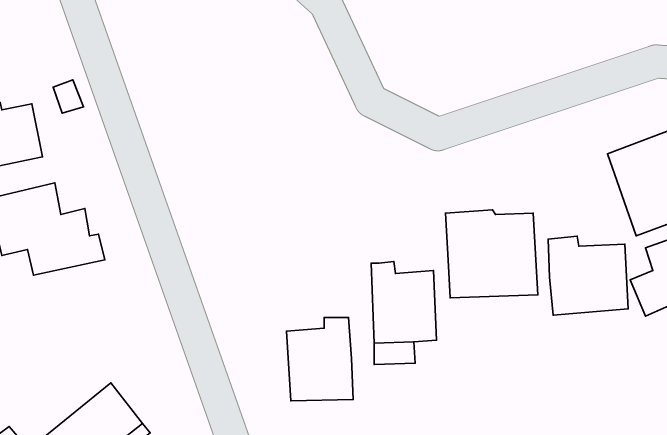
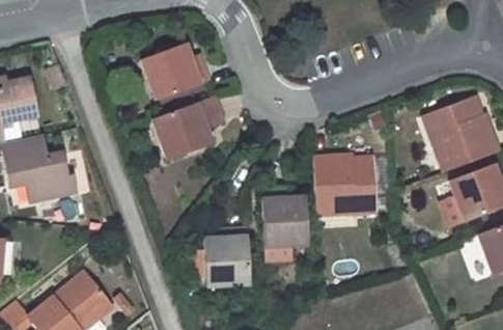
building: none -> [142,42,209,100]
building: none -> [152,99,214,159]
building: [548,236,628,315] -> none

